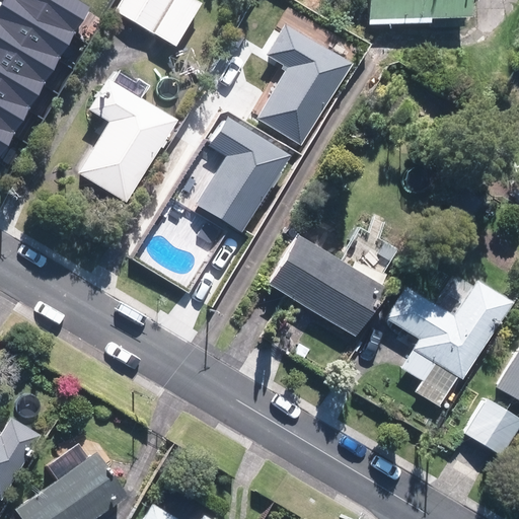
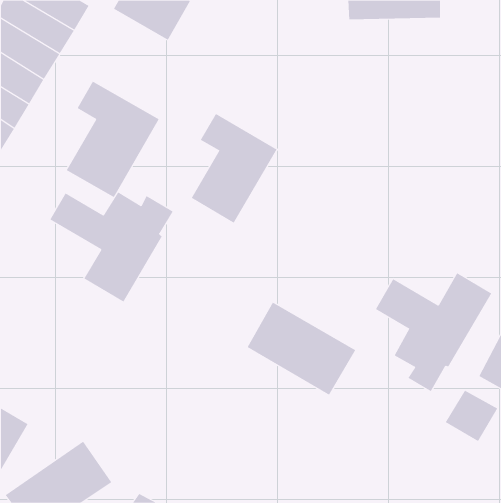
building: [261,25,353,143] -> none
building: none -> [49,192,173,302]
building: [271,237,383,333] -> [247,302,356,395]

